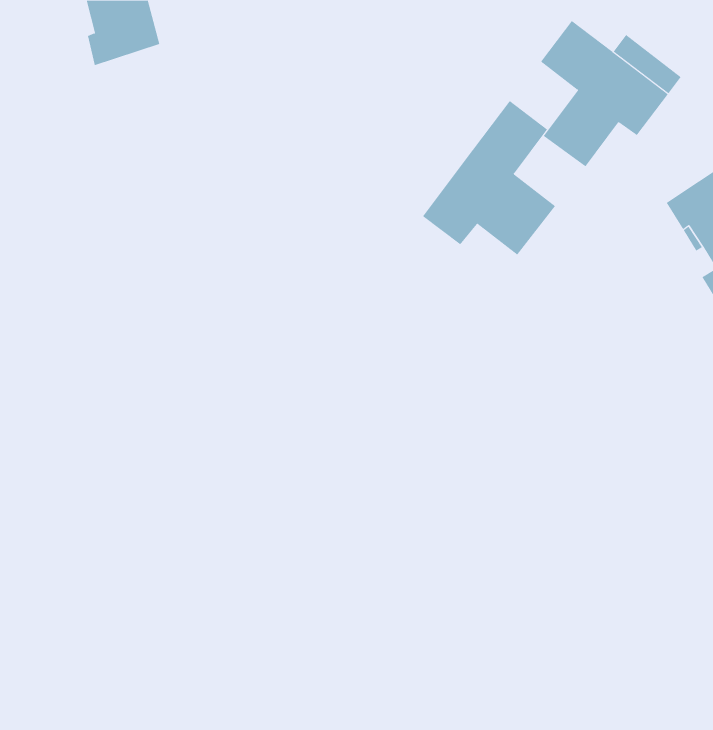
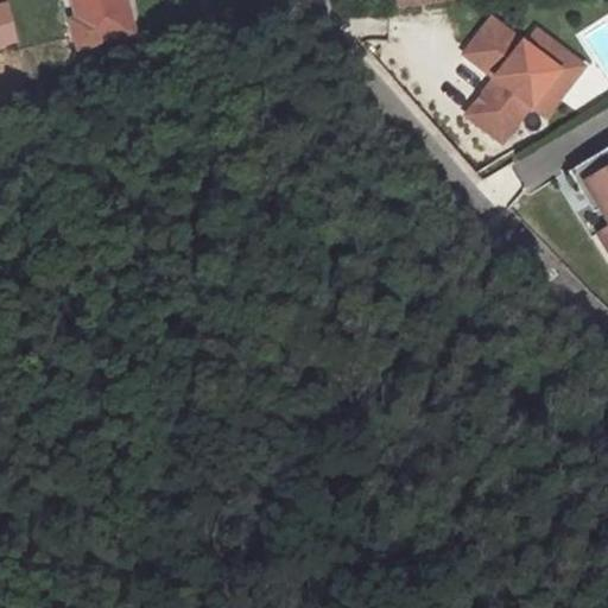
building: [422,100,556,256] -> none

